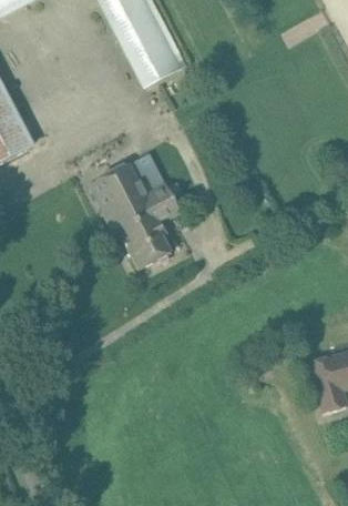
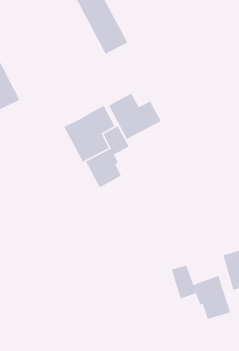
building: none -> [108,92,162,140]
building: none -> [171,264,231,320]

